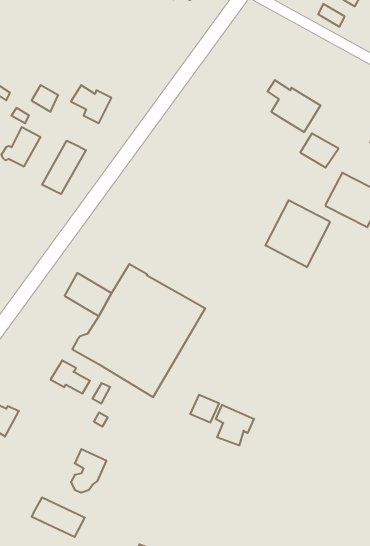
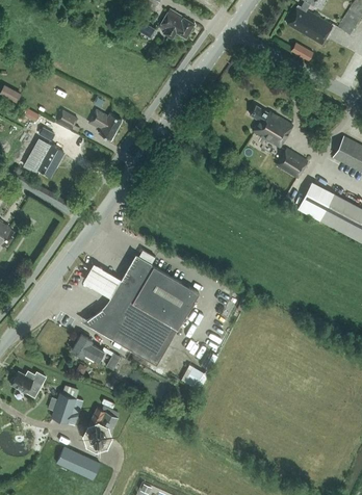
building: [42,141,86,194] -> none
building: [266,200,330,267] -> none
building: [216,405,254,445] -> none
building: none -> [51,392,85,425]

